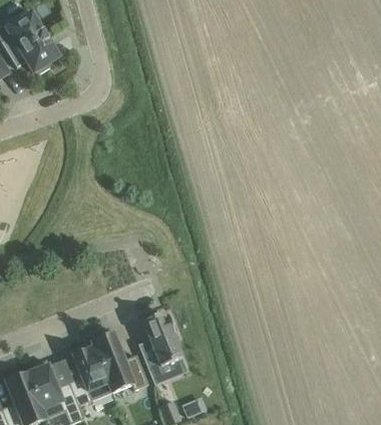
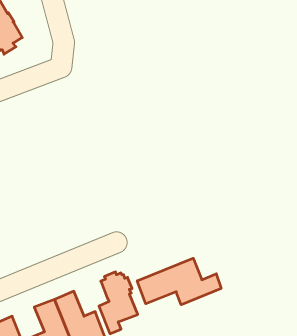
building: none -> [137,258,221,305]

